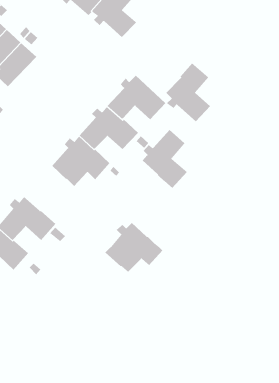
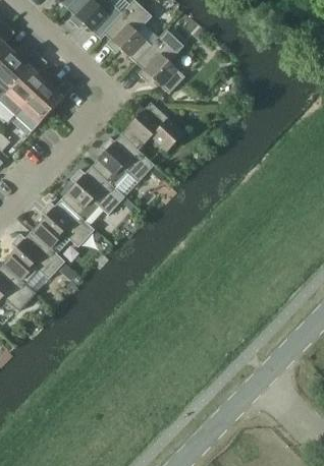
building: none -> [13,80,71,130]
building: [165,62,211,122] -> [136,30,184,94]
building: [142,129,188,189] -> none
building: [104,222,163,272] -> [31,199,94,253]

